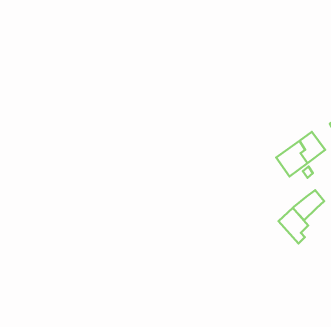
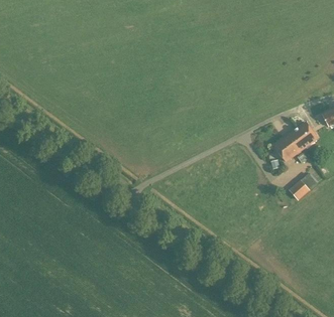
building: [278,208,308,244] -> none

